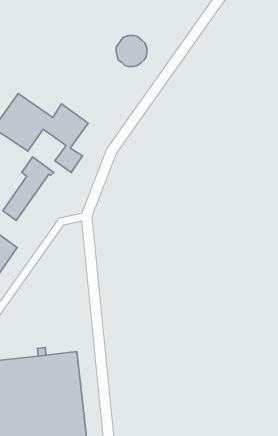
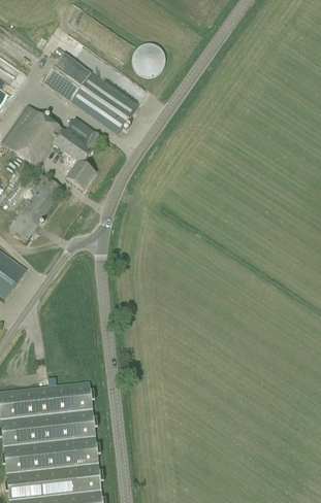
building: none -> [44,55,138,134]

